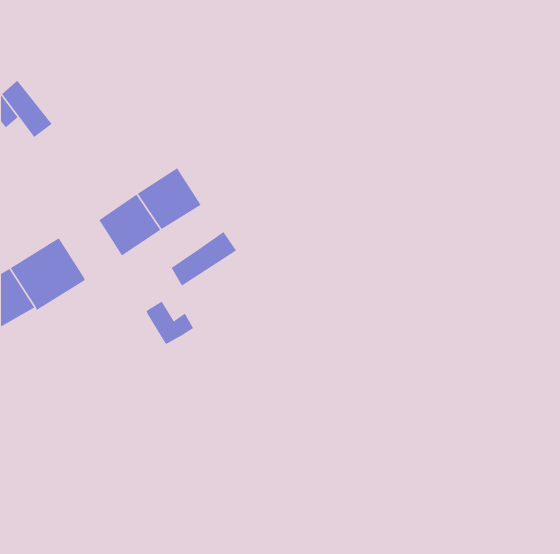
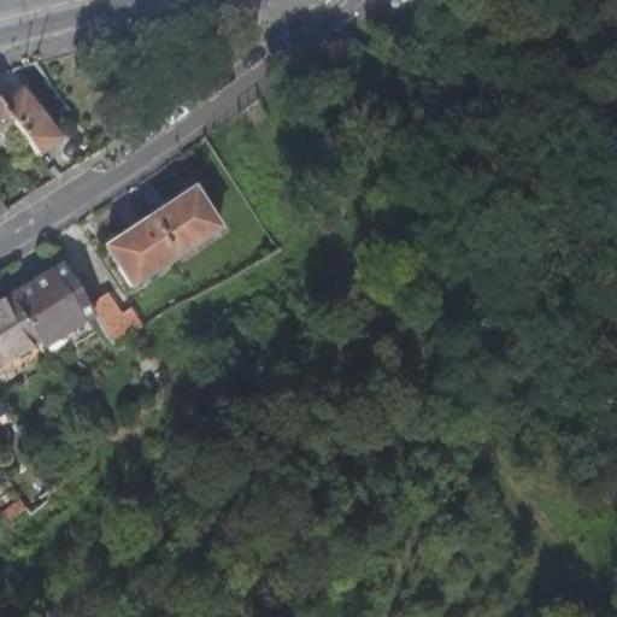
building: [171,231,237,286] -> none
building: [146,301,194,345] -> [93,294,146,342]

